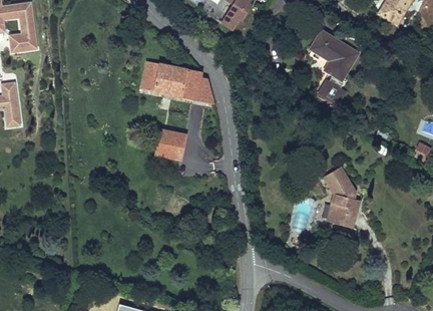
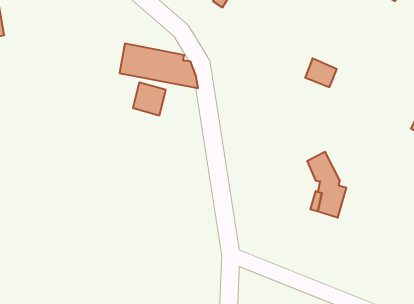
building: [316,29,364,78] -> none
building: [154,130,185,162] -> [133,82,166,115]

